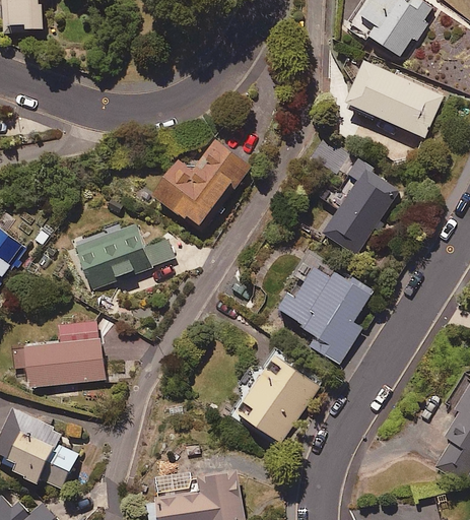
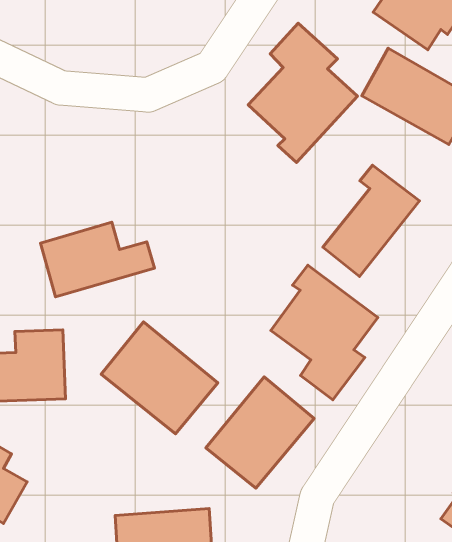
building: none -> [248,23,357,162]
building: [149,135,250,228] -> none
building: none -> [101,322,218,434]

